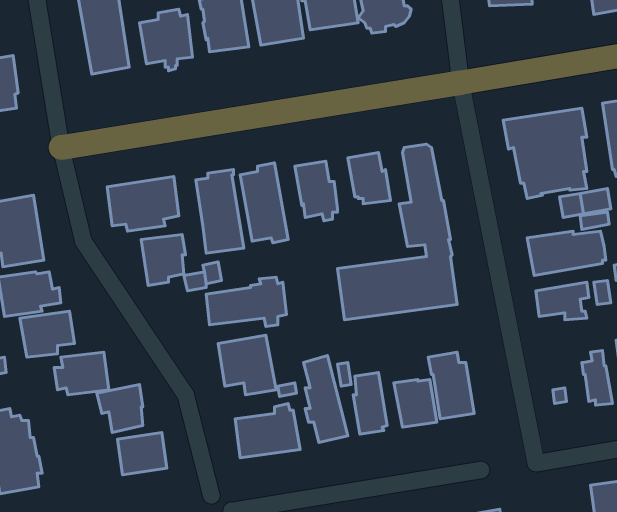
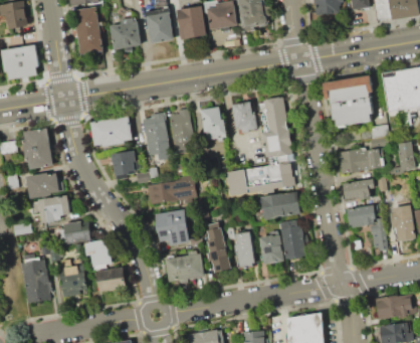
building: none -> [261,191,300,219]
building: none -> [346,204,376,227]
building: none -> [59,260,88,296]

